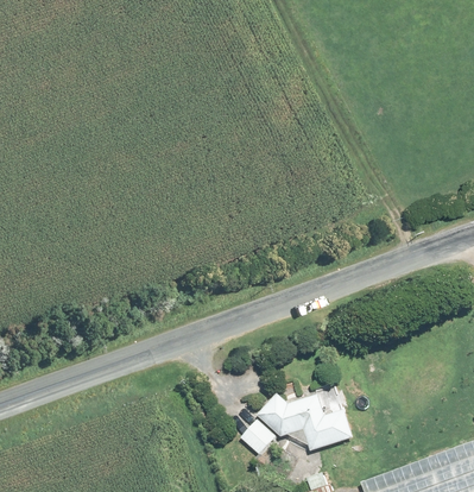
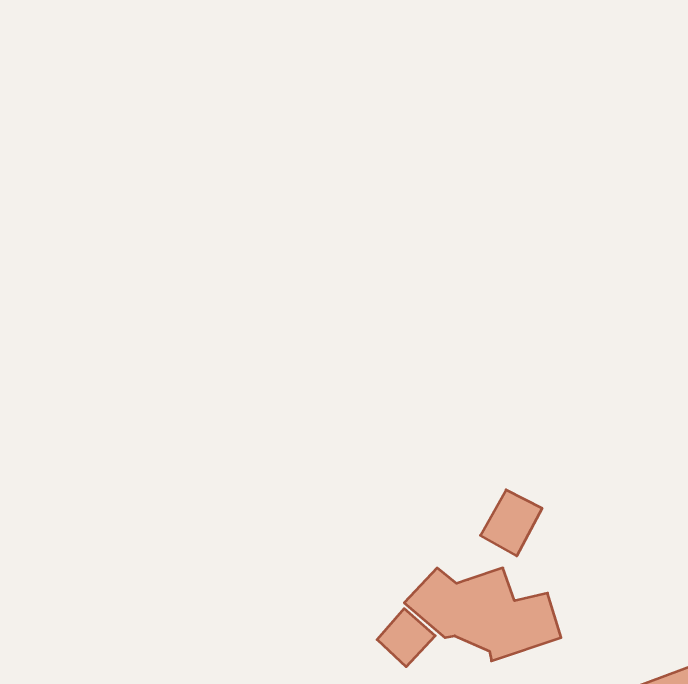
building: none -> [480,490,542,556]

